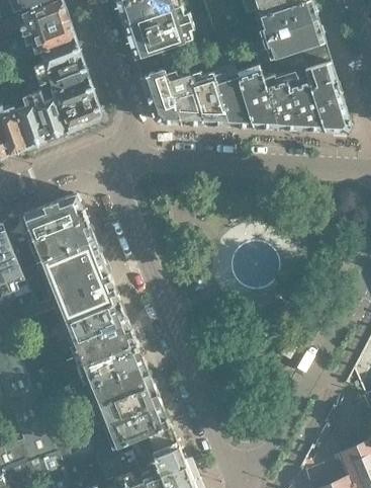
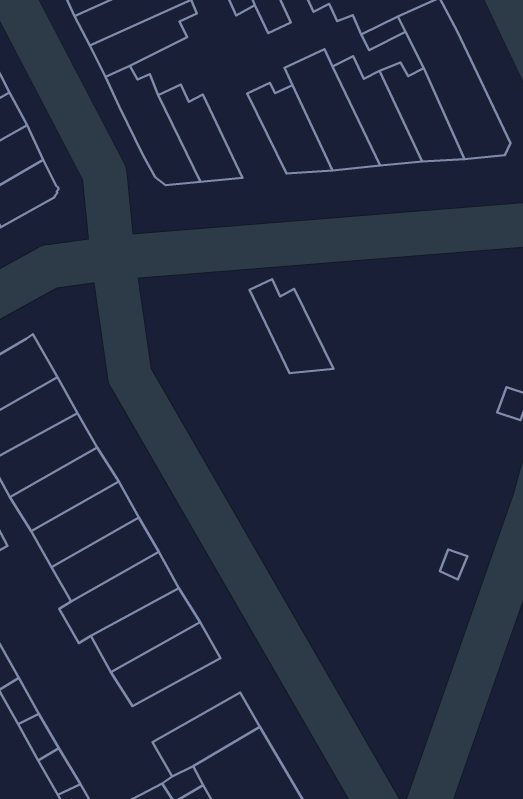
building: [187,70,226,124] -> [250,279,333,373]
building: [101,383,161,423] -> none

